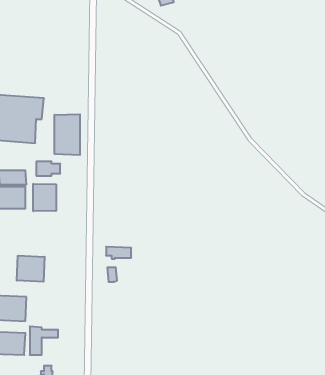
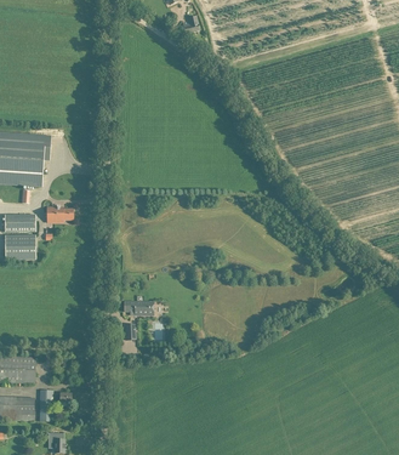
building: [55,114,80,155] -> none
building: [33,184,56,211] -> none
building: [17,256,45,282] -> none

